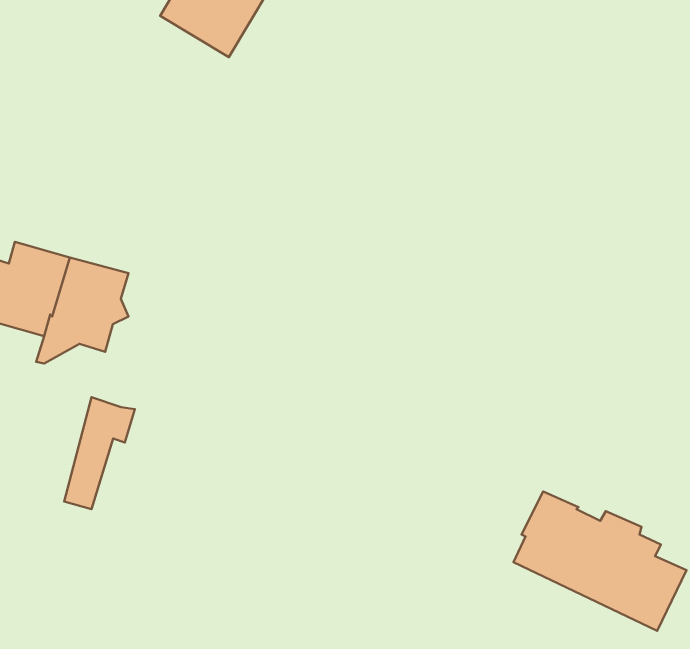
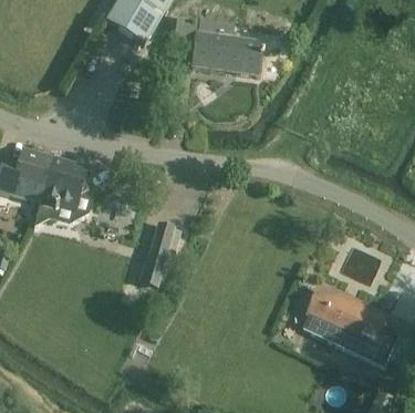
building: none -> [173,16,262,74]
building: [64,397,135,509] -> [142,223,181,286]

